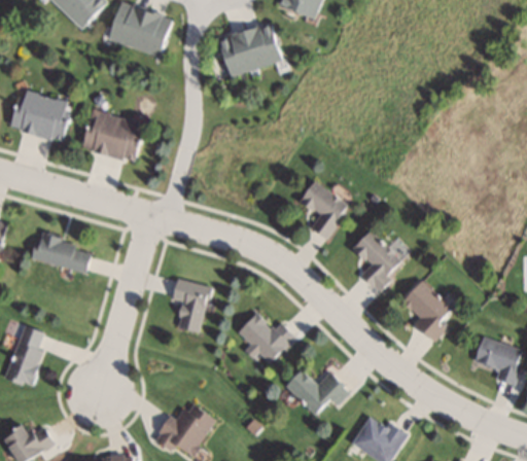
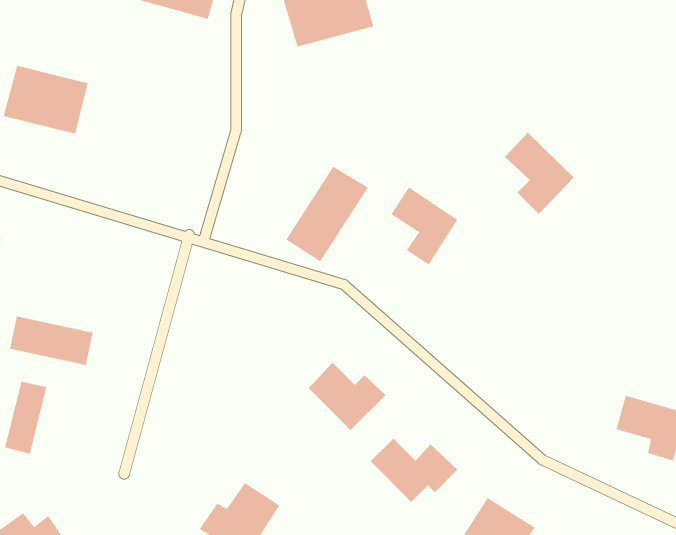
building: [81,110,143,162] -> none
building: none -> [286,166,369,262]
building: [351,231,403,292] -> [504,132,575,215]
building: [30,235,93,272] -> [9,316,93,366]
building: [170,278,210,333] -> none
building: [400,281,452,343] -> none

